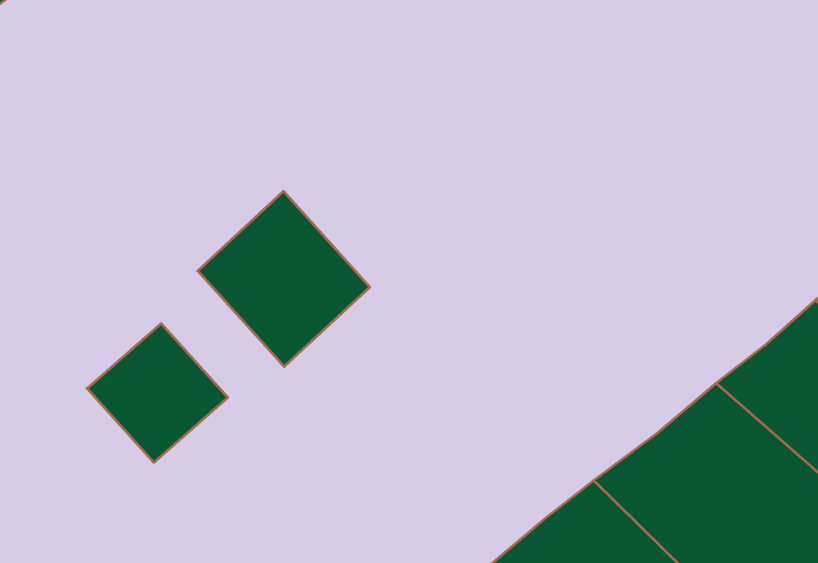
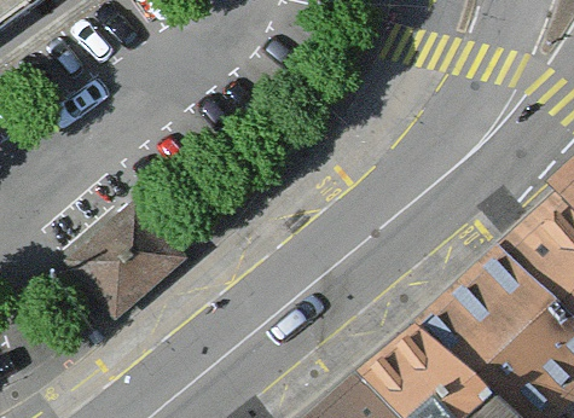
building: [198,191,370,367] -> none

